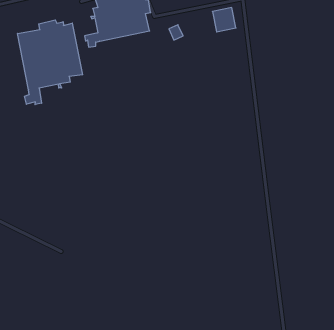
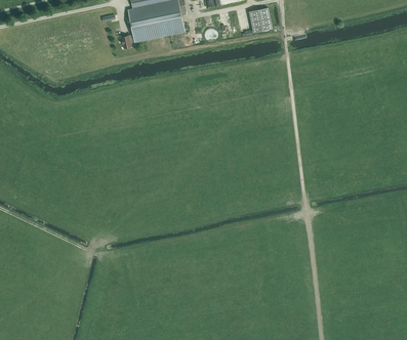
building: [18,20,83,105] -> none

